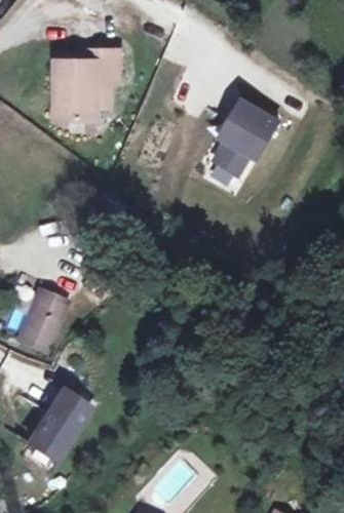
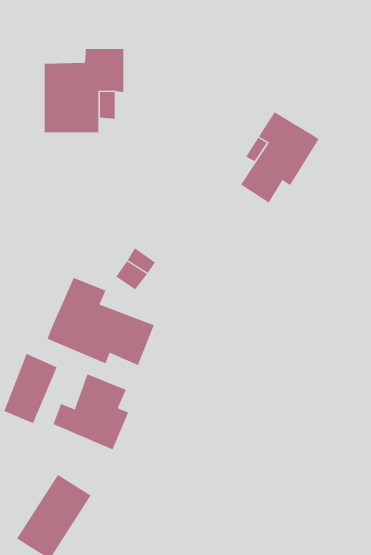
building: none -> [47,277,155,366]
building: none -> [53,374,129,450]

